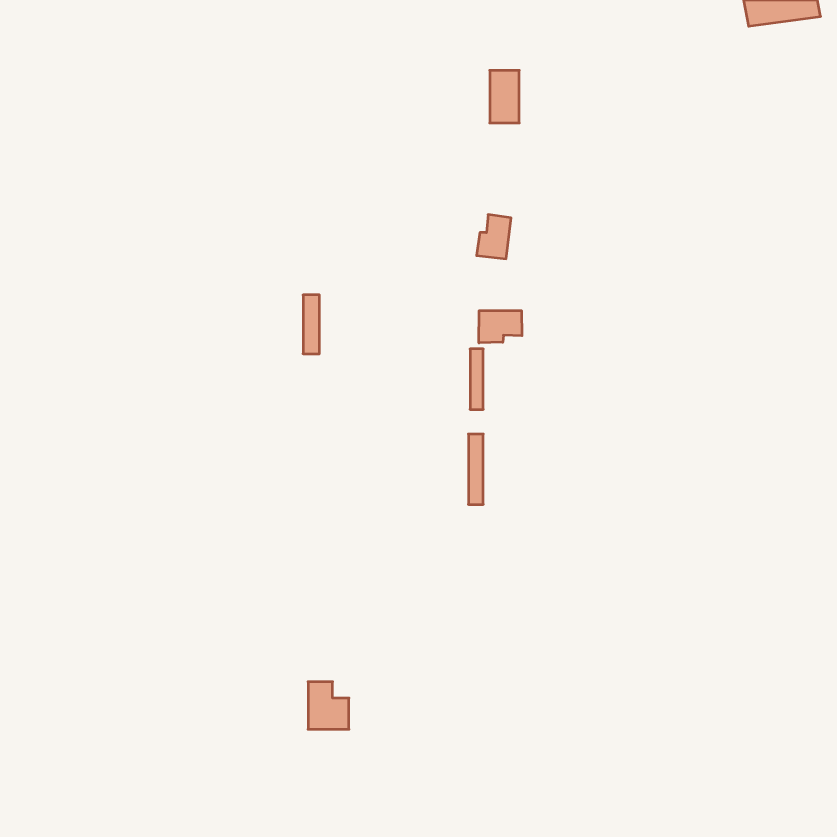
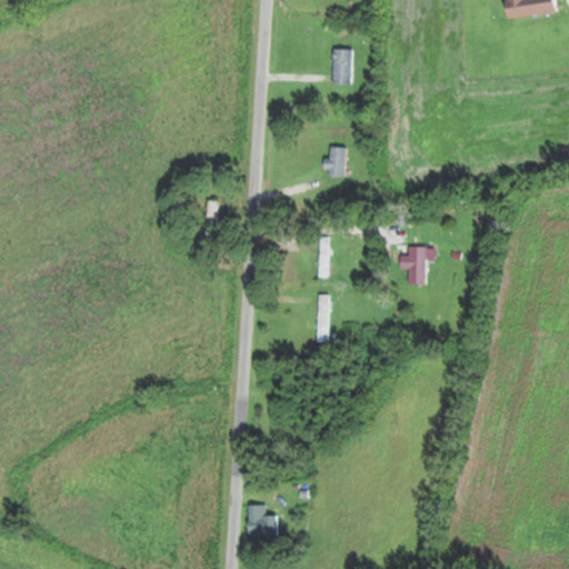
building: [479,311,522,343] -> none
building: none -> [408,247,427,284]
building: [308,682,349,729] -> [249,505,277,537]

